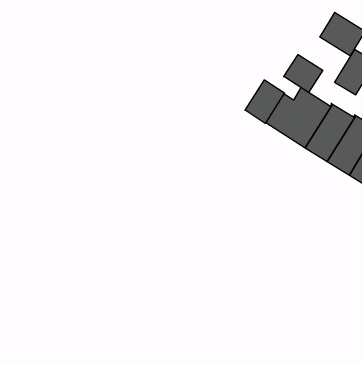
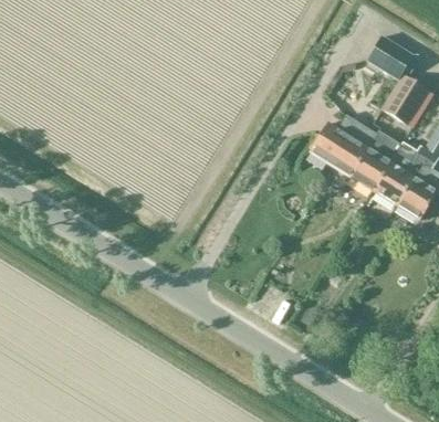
building: [284,55,323,92] -> none
building: [245,80,284,123] -> none

